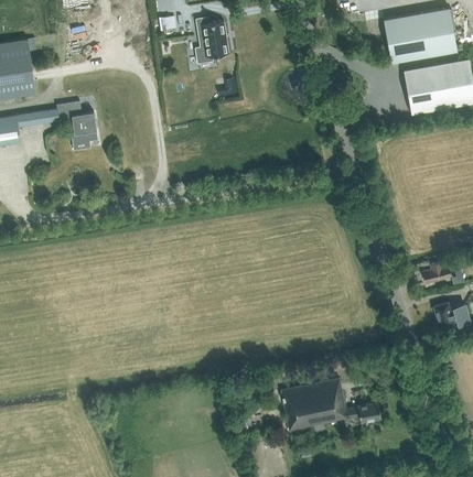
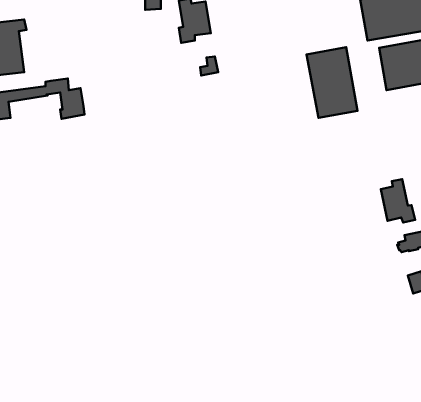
building: none -> [306,47,357,118]
building: none -> [381,179,415,223]
building: [281,378,380,431] -> none

